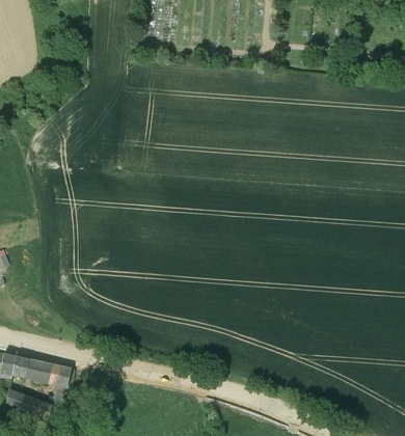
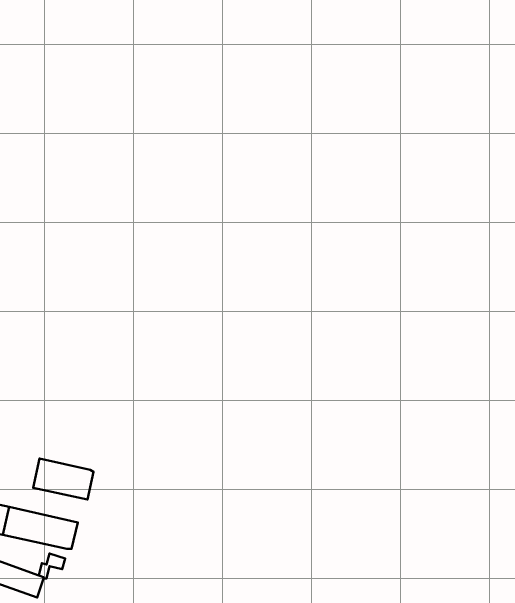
building: none -> [33,459,93,500]

